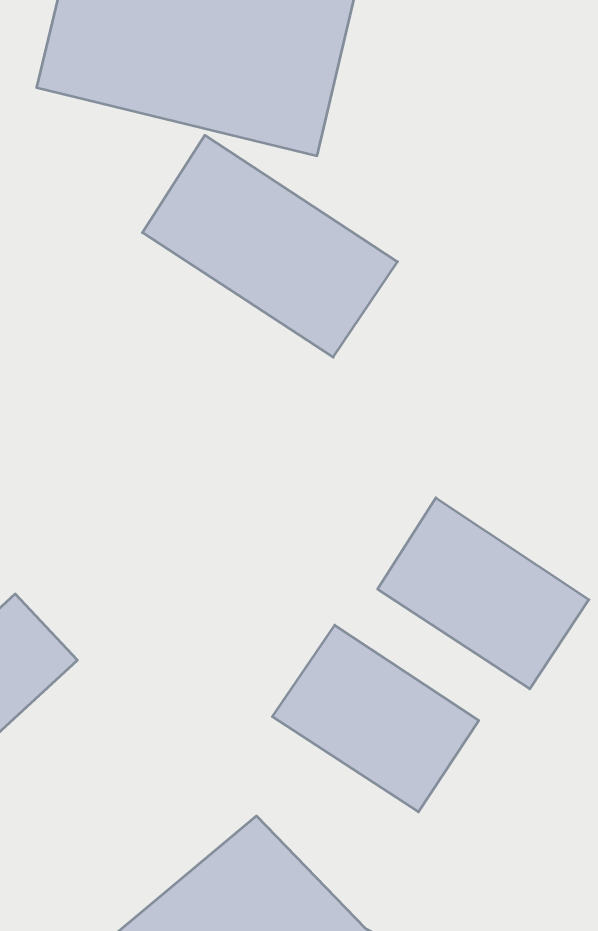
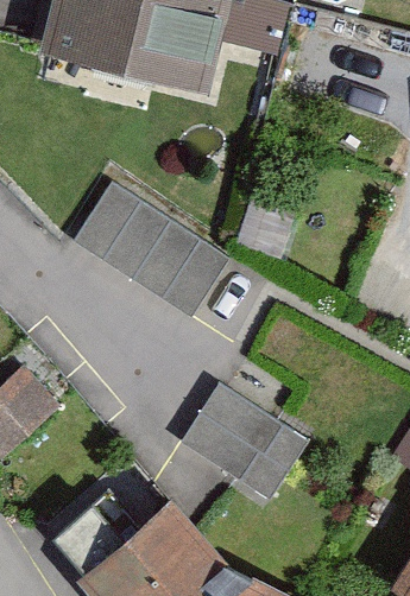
building: [142,135,398,357] -> [75,182,231,317]
building: [378,498,589,689] -> none

